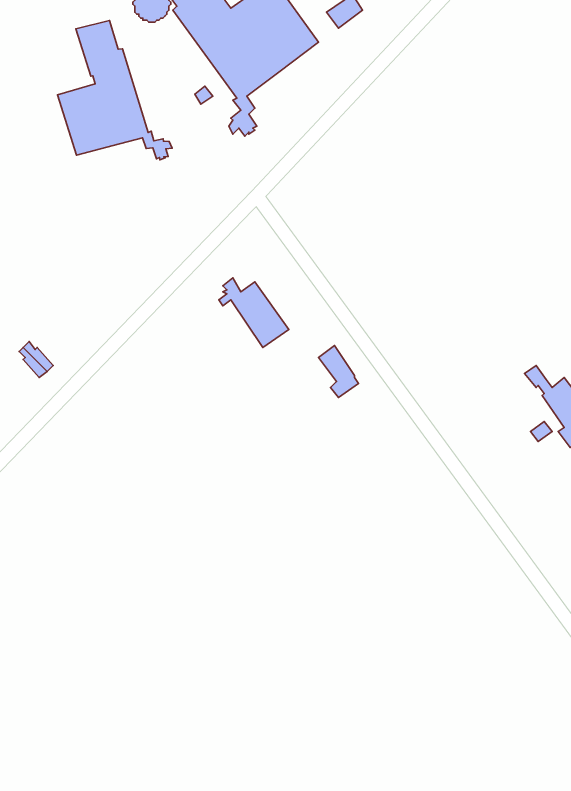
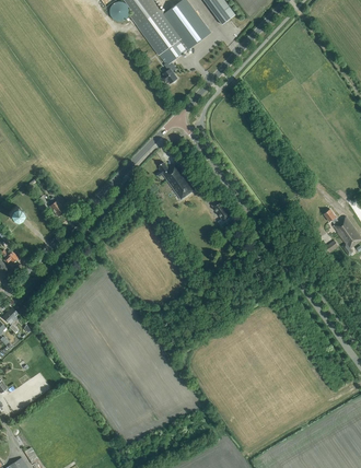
building: [58,21,172,160] -> none

